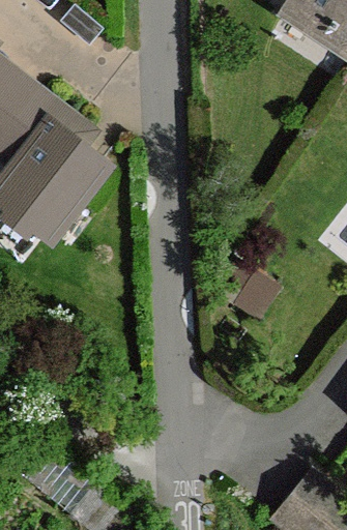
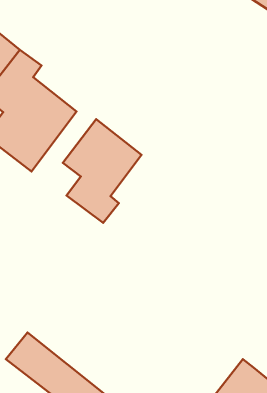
building: none -> [63,119,141,223]

